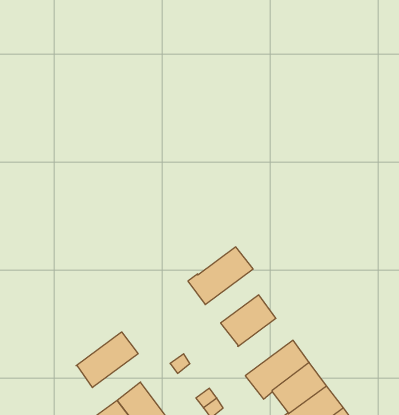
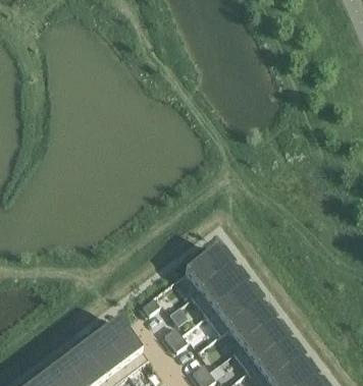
building: [188,247,253,305] -> [190,267,244,315]
building: [76,332,138,388] -> none

